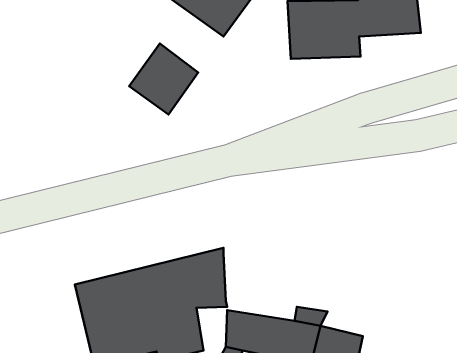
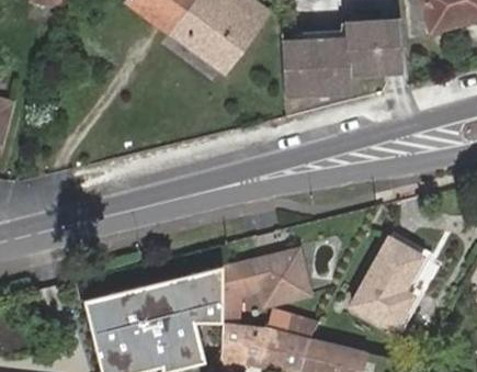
building: [129,43,198,115] -> none
building: none -> [353,241,423,330]
building: none -> [224,255,304,317]

